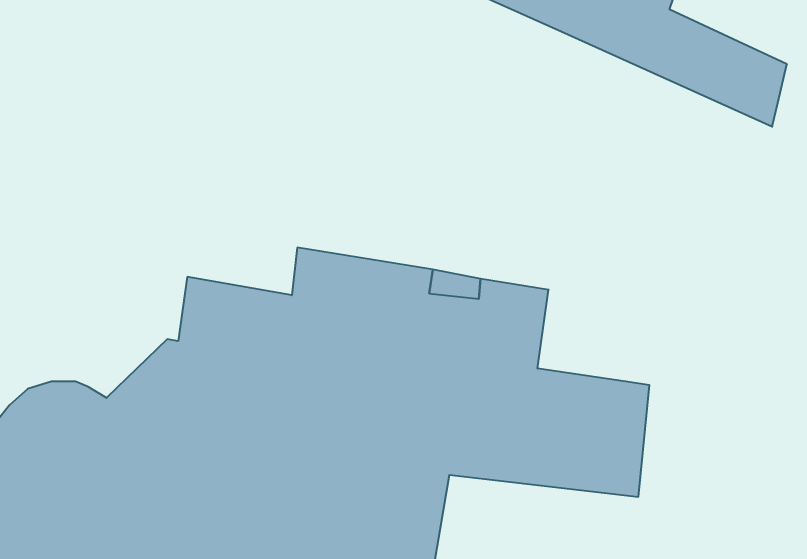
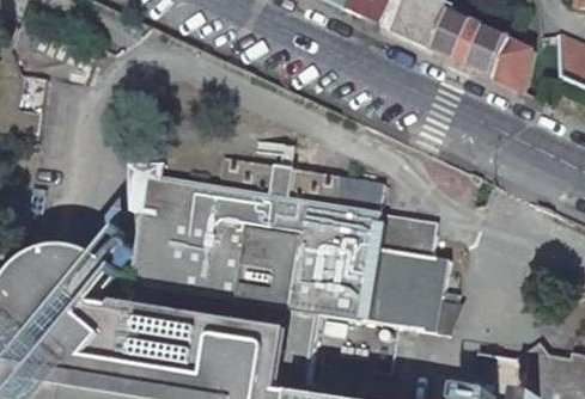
building: none -> [372,213,434,253]

